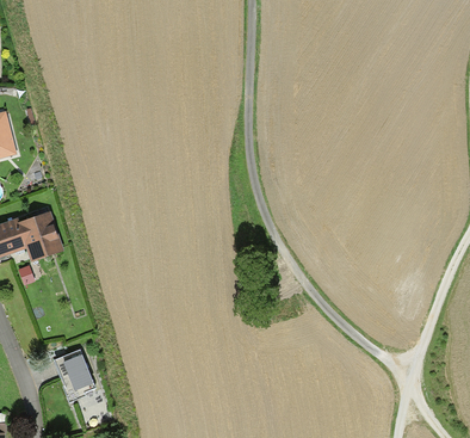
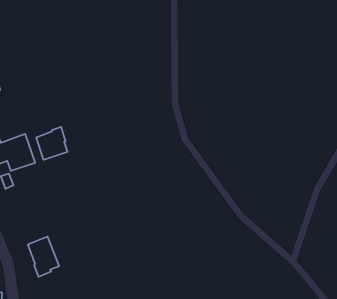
building: none -> [36,127,67,160]

